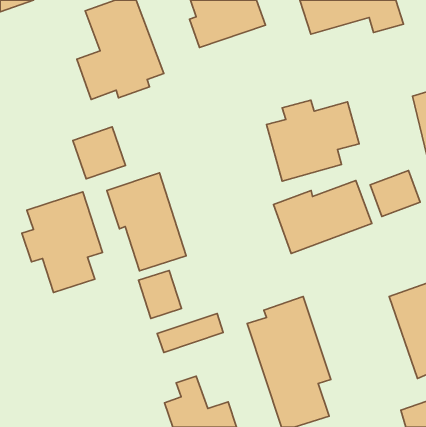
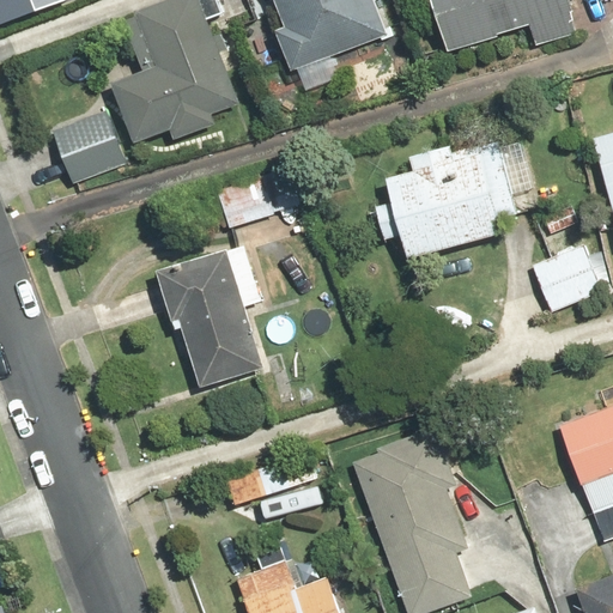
building: [73,127,125,179] -> [51,110,127,184]
building: [274,180,372,253] -> none
building: [22,192,102,293] -> none
building: [139,270,182,318] -> none

